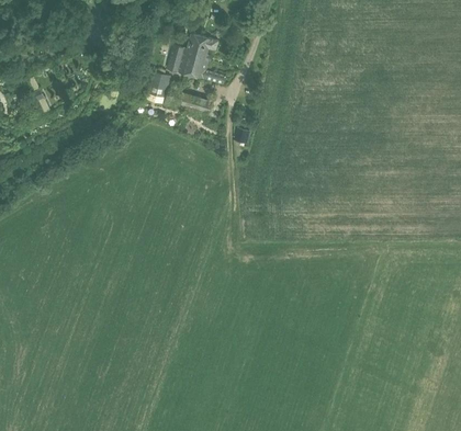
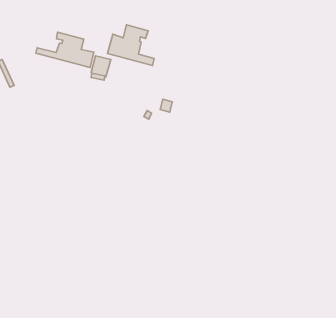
building: none -> [36,32,94,67]

